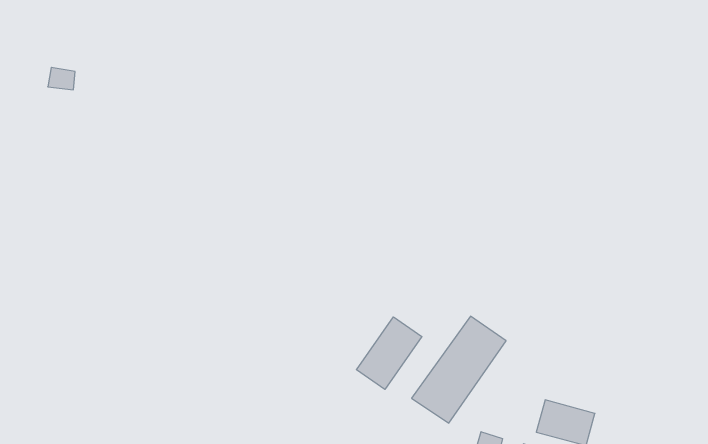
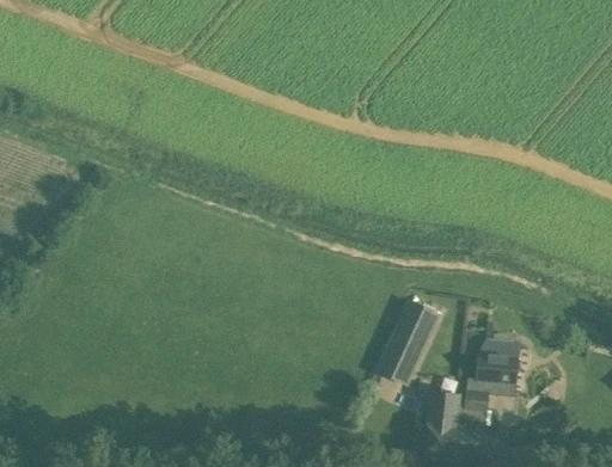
building: [356,317,422,389] -> none

